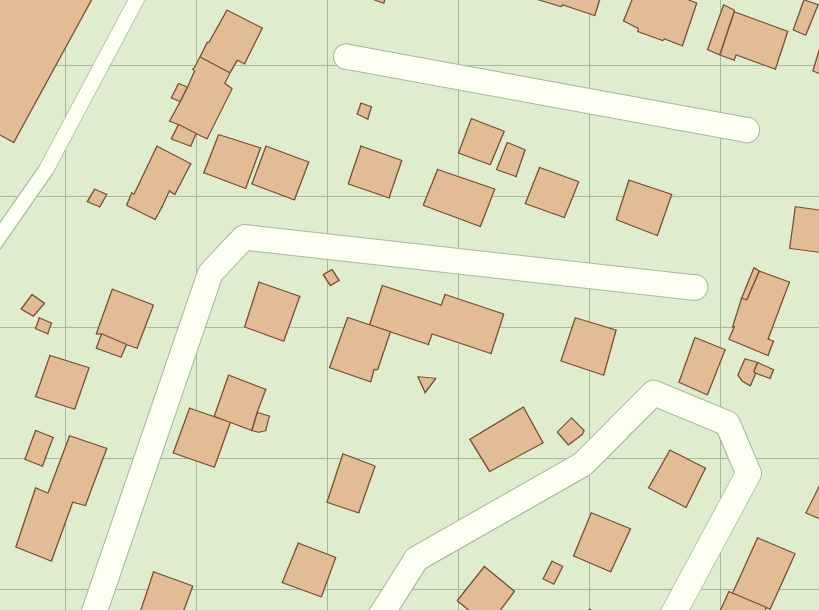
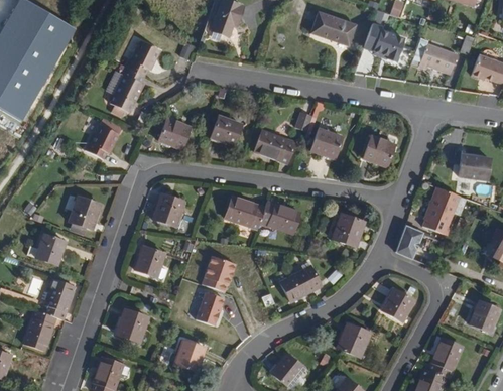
building: [459,119,504,165] -> none
building: [204,135,260,189] -> none
building: [330,318,390,382] -> [204,254,238,290]
building: [173,408,230,467] -> [115,309,147,343]

